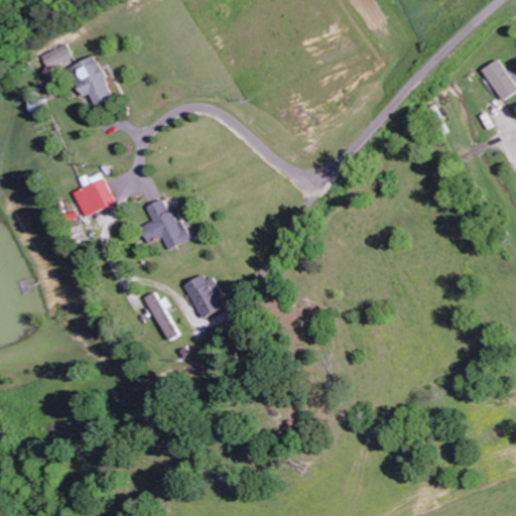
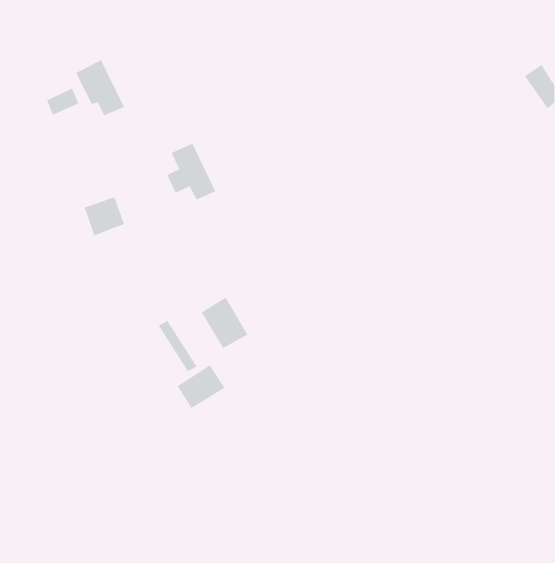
building: [41,43,72,69] -> [46,88,79,116]
building: [140,197,185,249] -> [166,143,216,200]
building: none -> [177,365,225,409]

